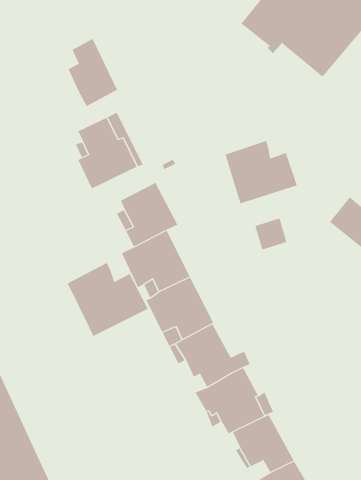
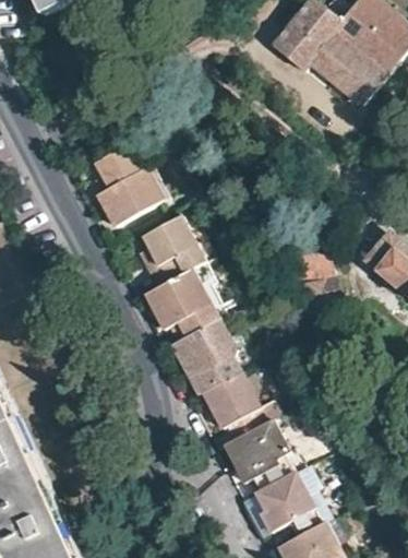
building: [68,38,118,107] -> none
building: [225,140,298,204] -> none
building: [67,262,148,337] -> none

